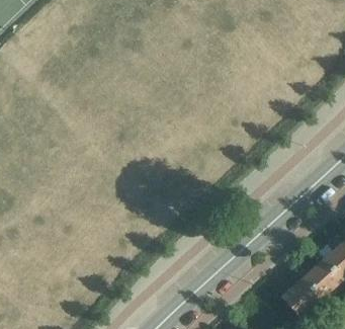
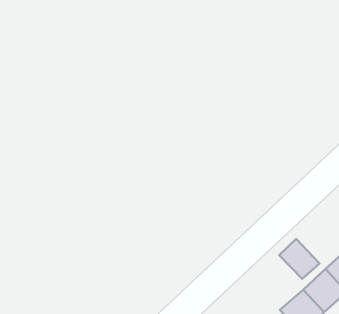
building: none -> [279,239,320,279]

